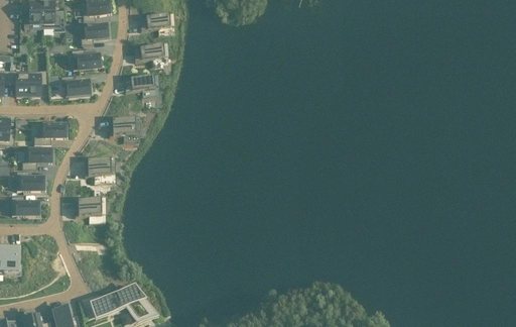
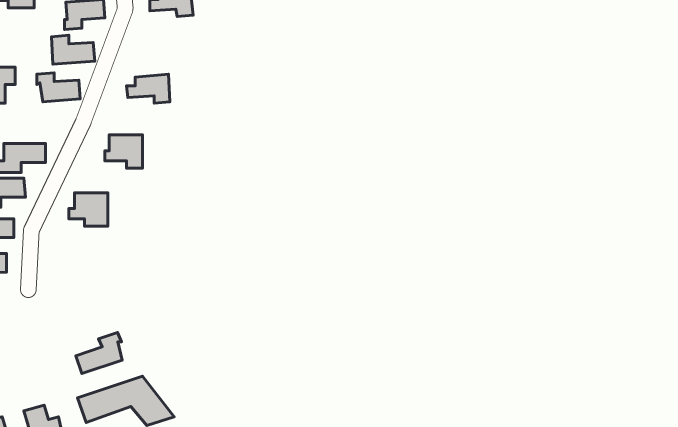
building: [134,44,164,65] -> none
building: [75,198,101,221] -> none
building: none -> [76,333,122,374]

